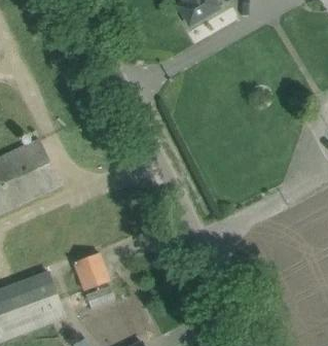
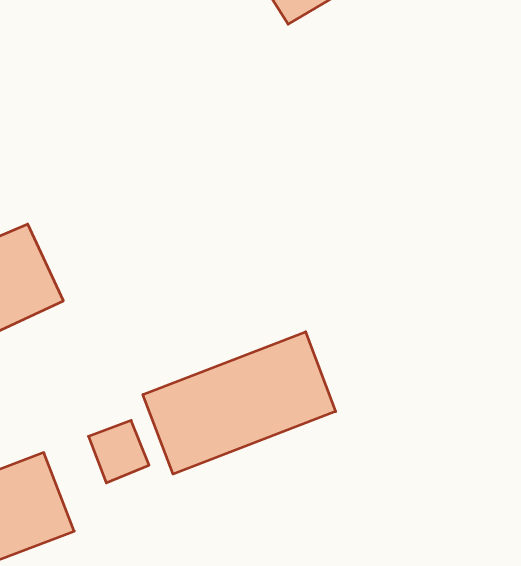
building: none -> [143,332,336,474]

